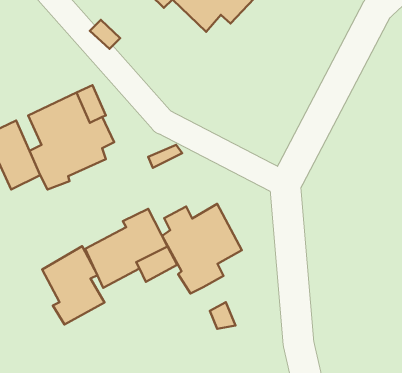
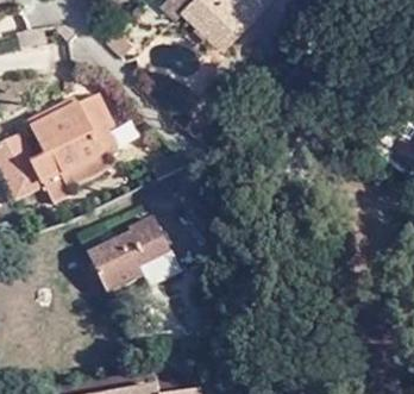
building: [162,204,242,294] -> none
building: [42,246,104,324] -> none

